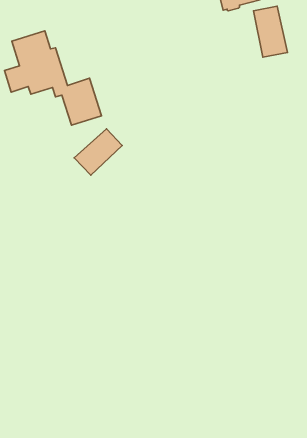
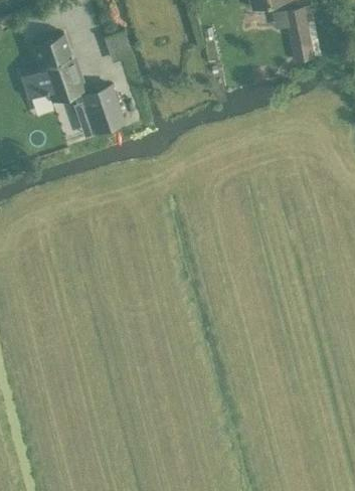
building: [74,129,122,175] -> none

